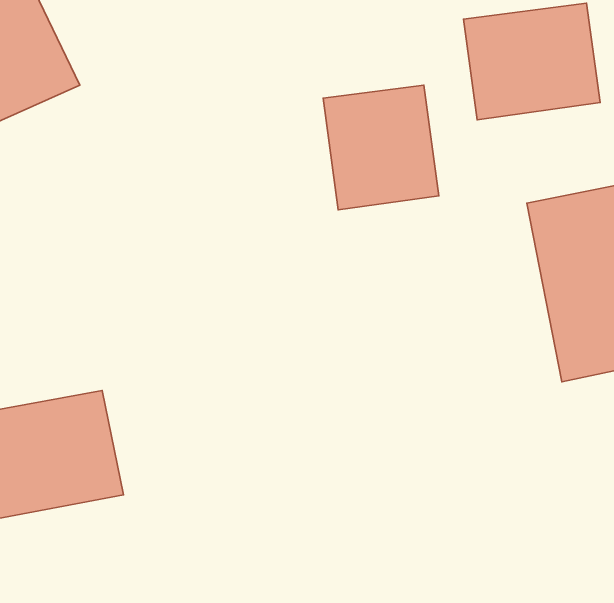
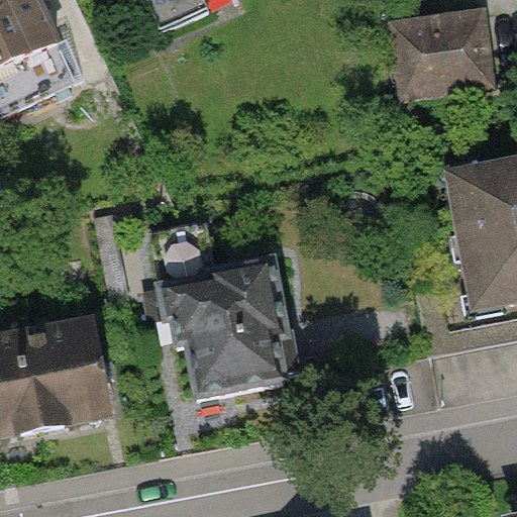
building: [323,85,439,210] -> none
building: none -> [168,256,303,400]

